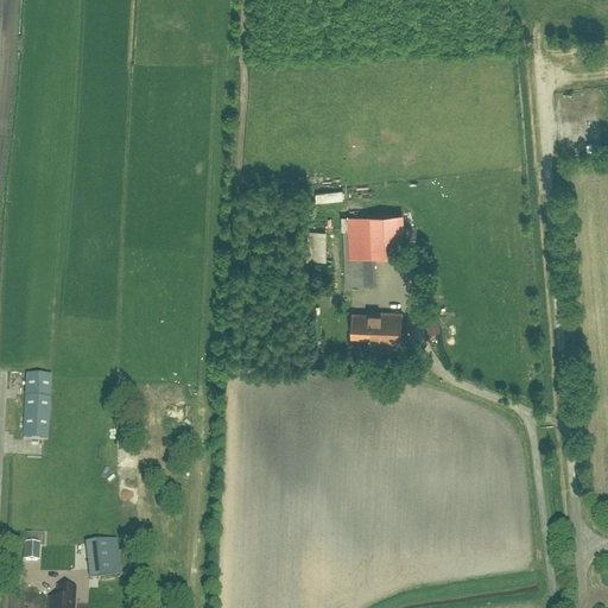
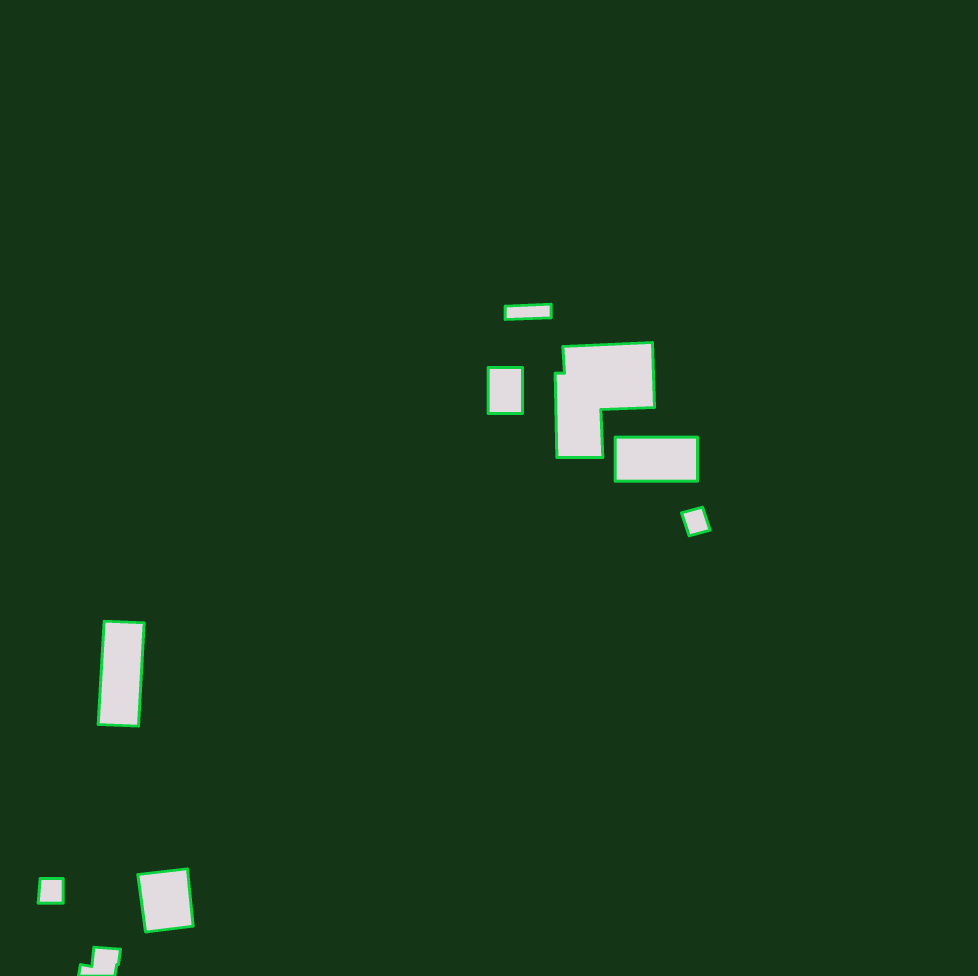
building: [352,312,403,340] -> [615,437,698,481]
building: [23,375,51,441] -> [98,621,144,726]

